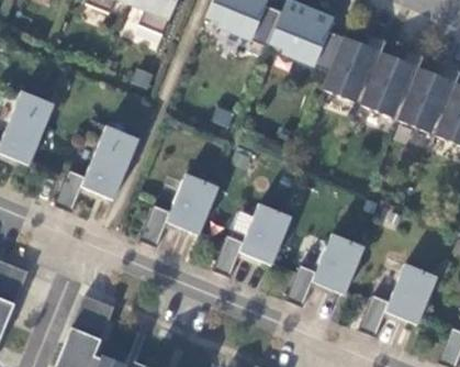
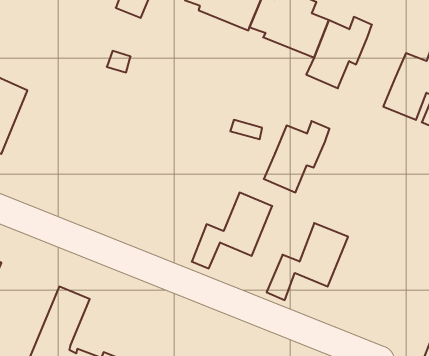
building: [361,48,425,118] -> [264,121,330,192]
building: [55,125,138,212] -> none
building: [139,174,218,247] -> none
building: [358,264,437,337] -> none

